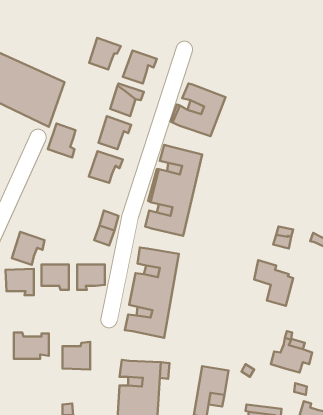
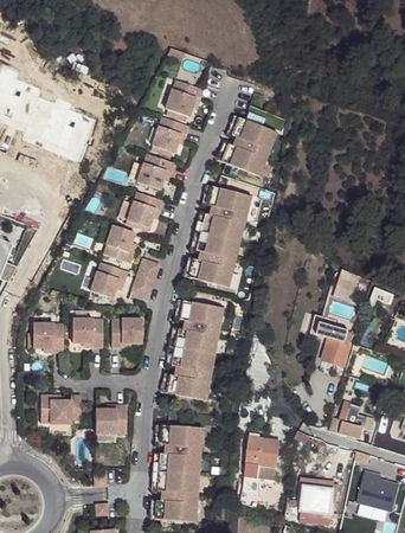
building: [89,38,121,70] -> none
building: [48,124,75,158] -> [102,225,133,263]
building: [12,232,45,265] -> [89,262,126,298]

